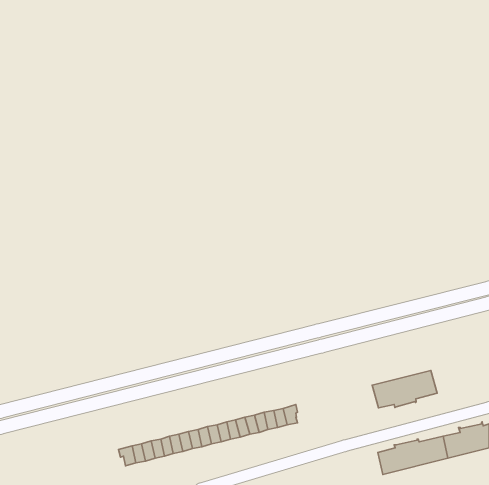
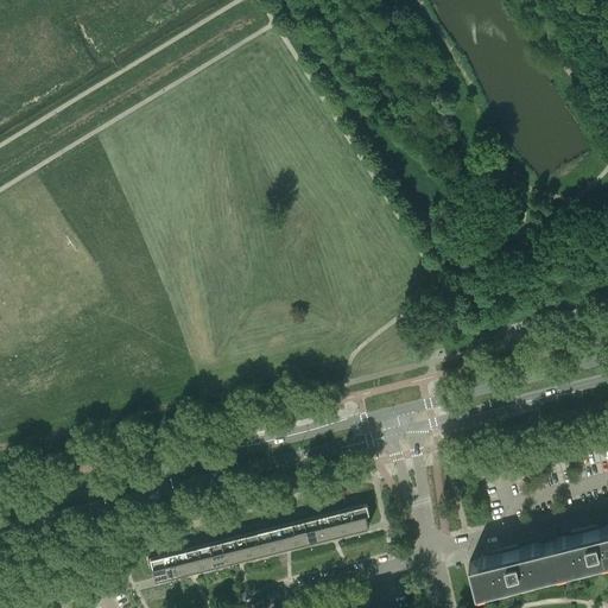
building: [372,371,437,408] -> none

